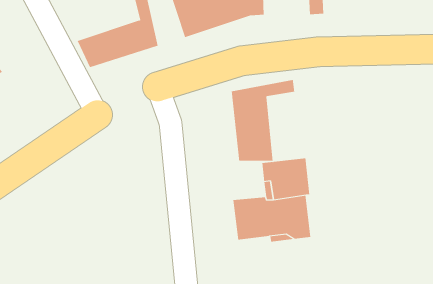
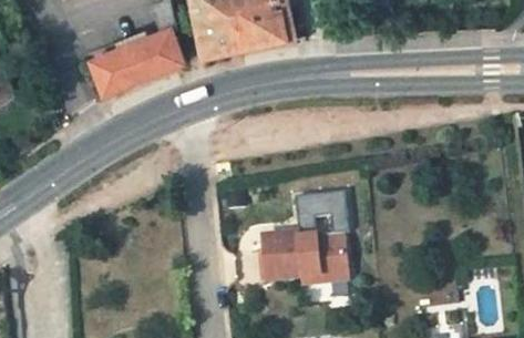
building: [231,79,295,162] -> none

